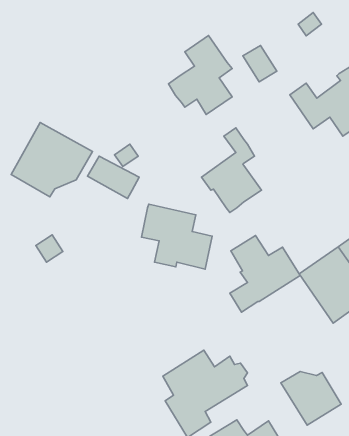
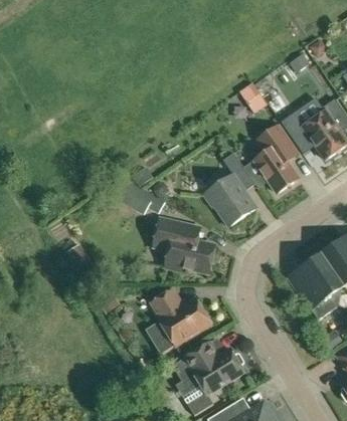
building: [169,35,232,114] -> [244,125,299,192]
building: [11,122,93,197] -> none
building: [230,236,300,312] -> [150,288,210,354]
building: [281,372,341,425] -> none

